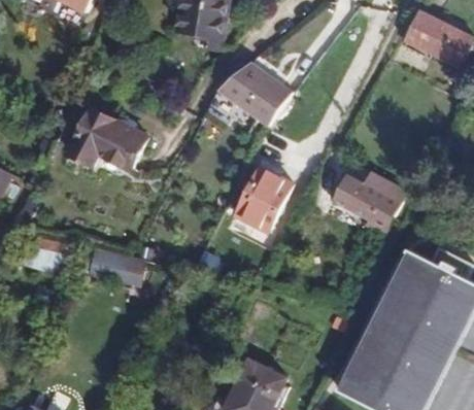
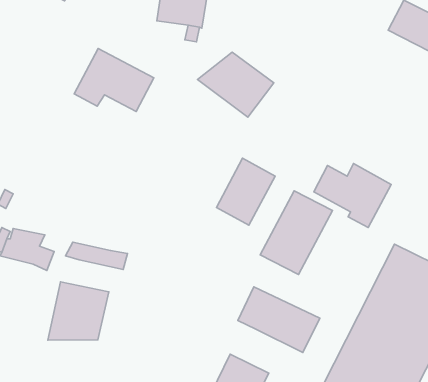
building: [68,108,146,170] -> [74,49,154,112]
building: none -> [260,191,332,274]
building: none -> [48,282,109,340]
building: none -> [238,287,320,352]

